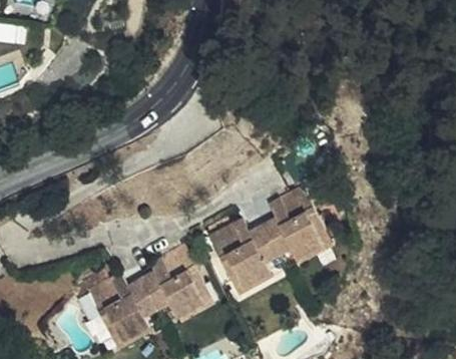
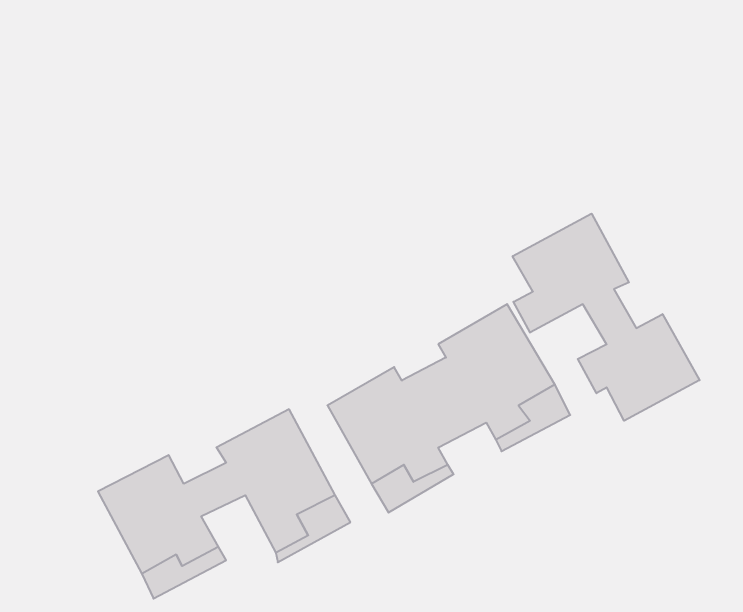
building: none -> [513,214,700,421]

